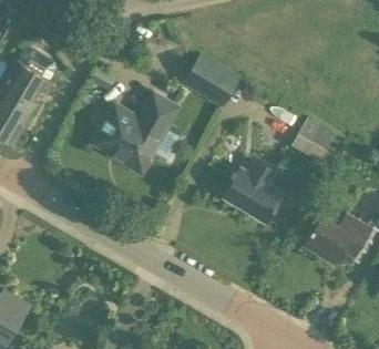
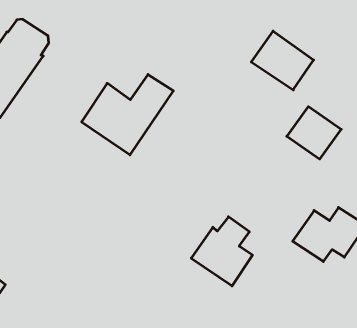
building: [182,52,242,107] -> [251,31,314,90]
building: [224,156,283,223] -> [191,217,252,286]

